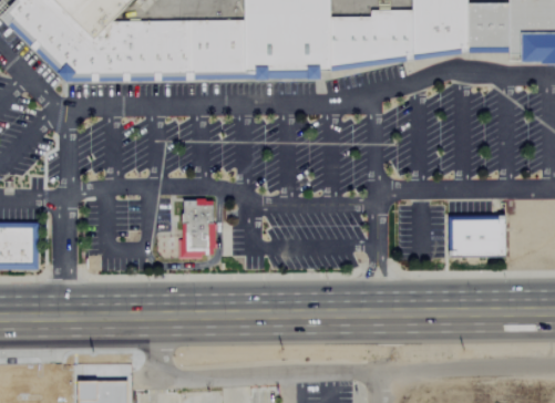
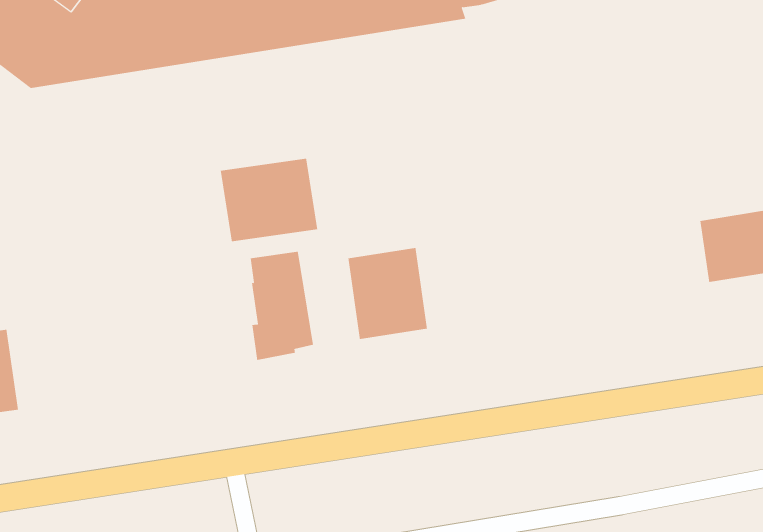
building: none -> [220,158,318,242]
building: none -> [348,247,428,340]

